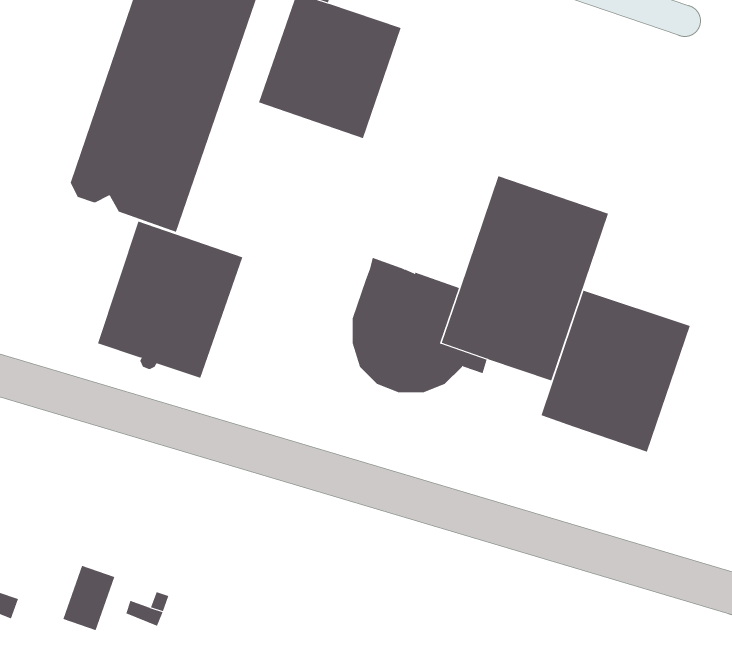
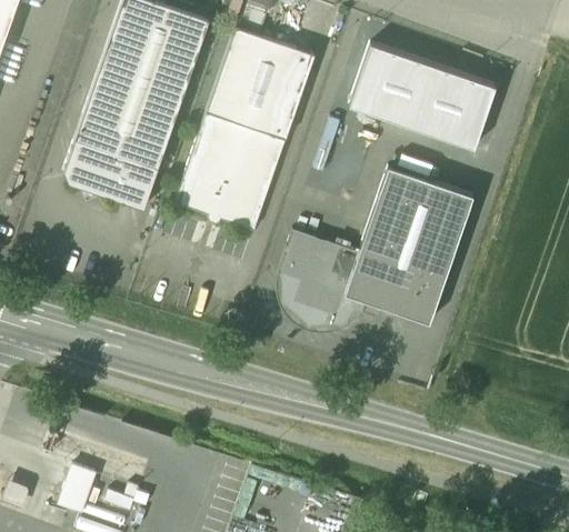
building: none -> [349,44,503,148]
building: [97,221,243,379] -> [174,112,286,232]
building: [541,290,690,452] -> none

